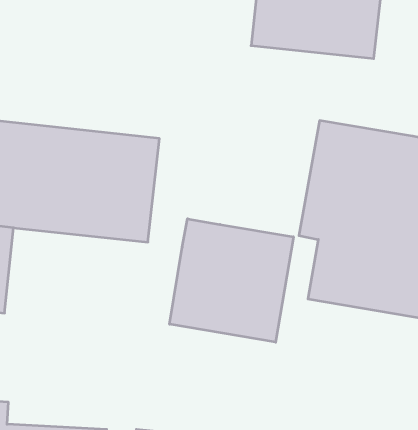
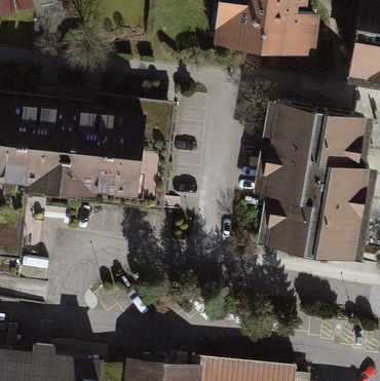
building: [170,219,293,342] -> none

